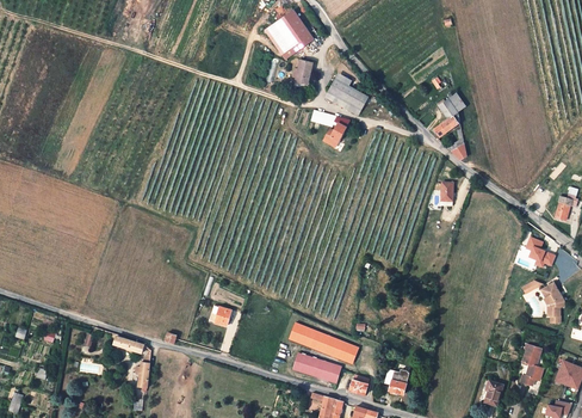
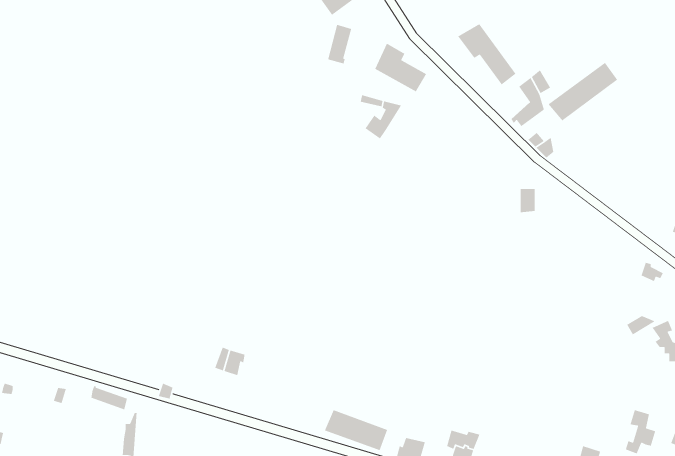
building: none -> [457,23,517,85]
building: none -> [548,62,618,122]
building: [290,322,358,362] -> none

